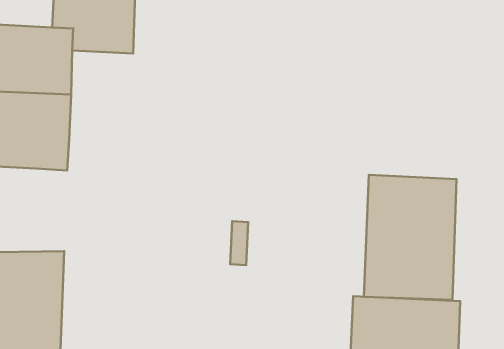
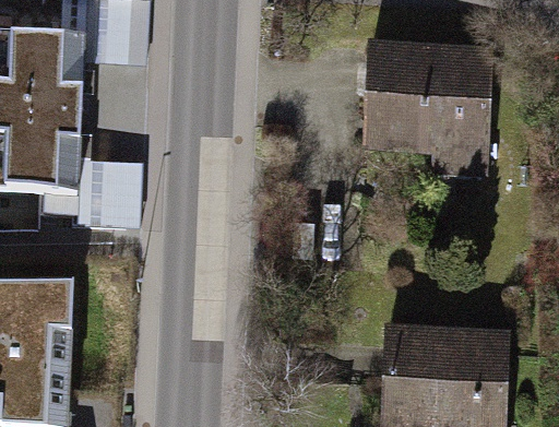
building: none -> [367,48,487,146]
building: none -> [41,158,143,227]
building: [364,175,457,300] -> none

